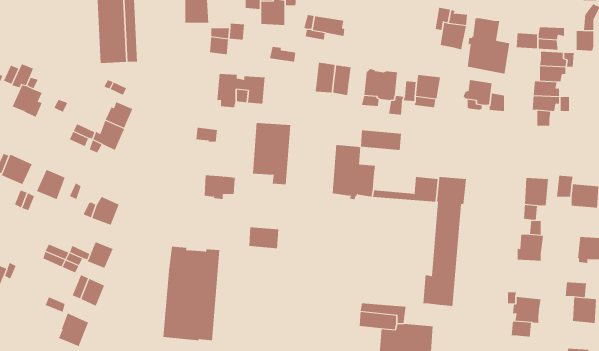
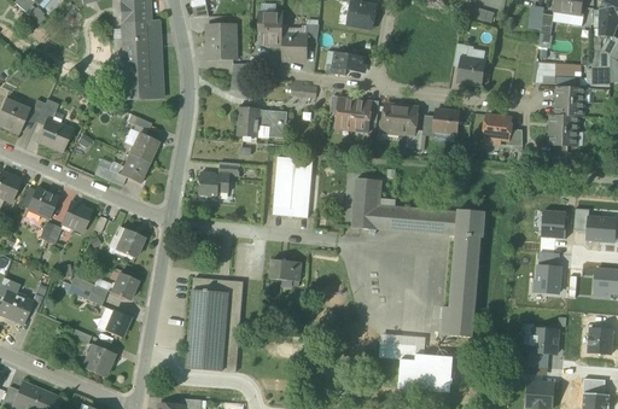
building: [467,17,510,74] -> none
building: [360,130,402,151] -> [393,205,435,226]
building: [204,175,236,200] -> [199,171,231,195]

